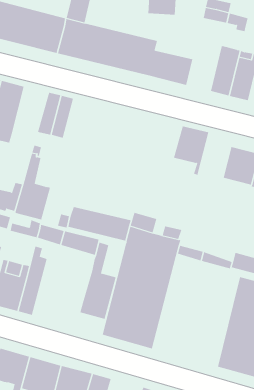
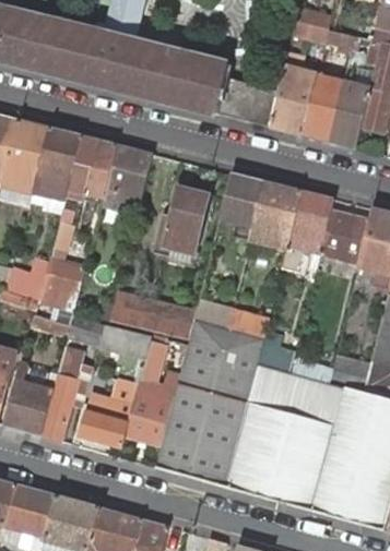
building: none -> [272,53,319,134]
building: none -> [34,128,83,200]
building: none -> [104,144,153,211]
building: none -> [222,172,265,239]
building: none -> [154,184,210,261]
building: none -> [288,190,334,252]
building: none -> [80,360,145,445]
building: none -> [227,363,344,510]

